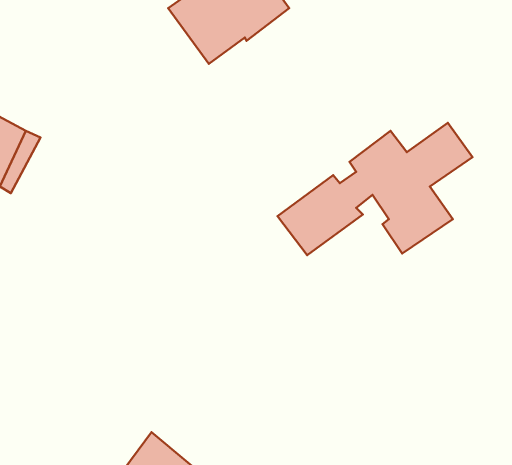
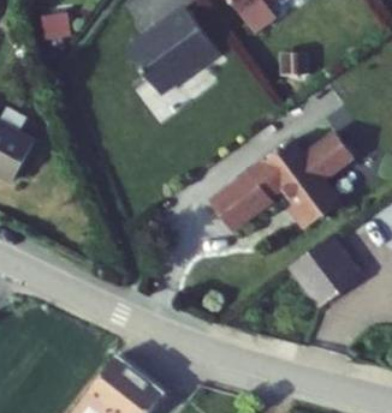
building: none -> [286,234,357,305]

